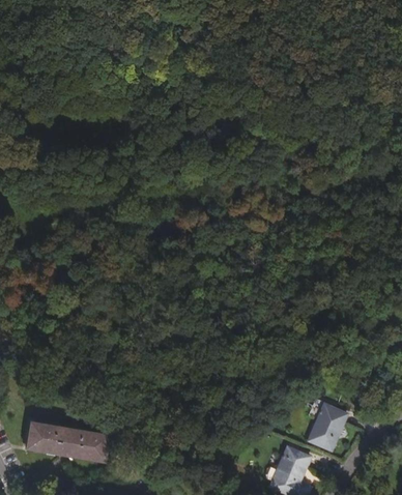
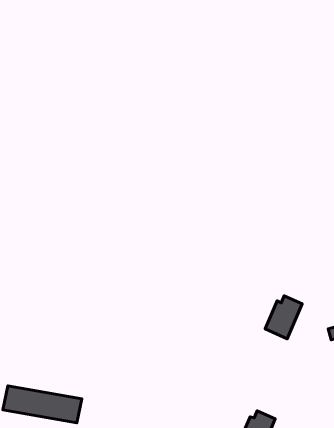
building: [308,406,346,450] -> [265,296,302,339]

